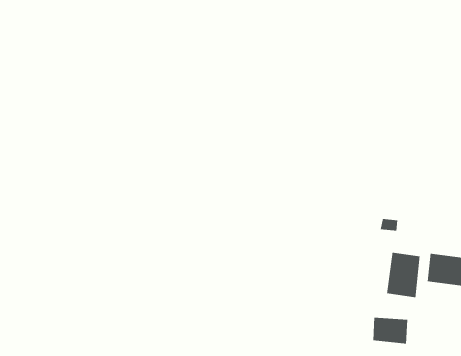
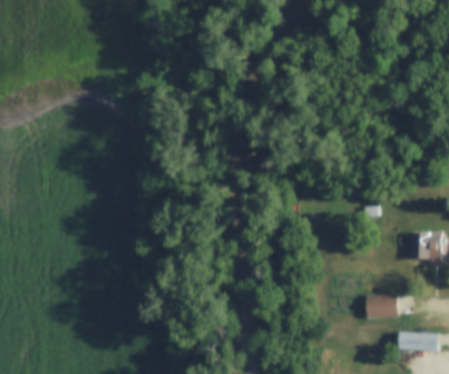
building: [386,252,420,298] -> none

